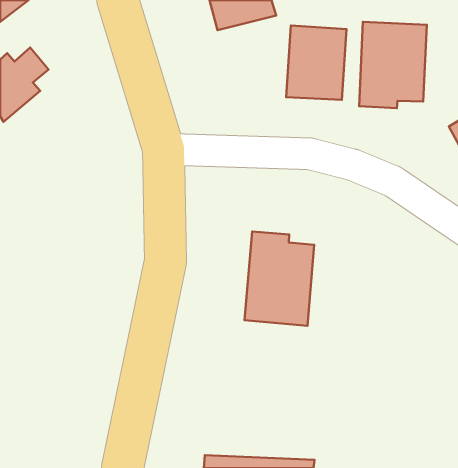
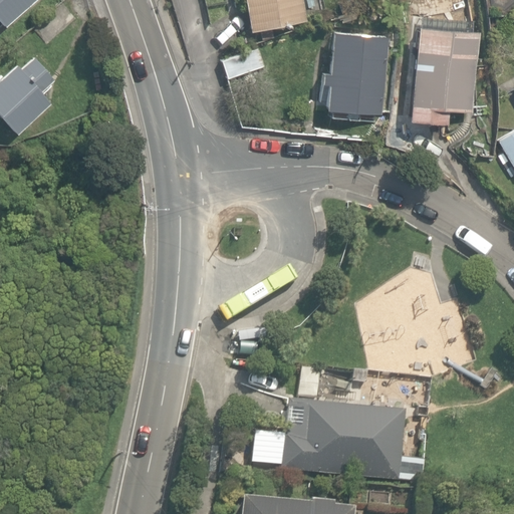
building: [244,232,314,326] -> none
building: none -> [251,398,408,481]

